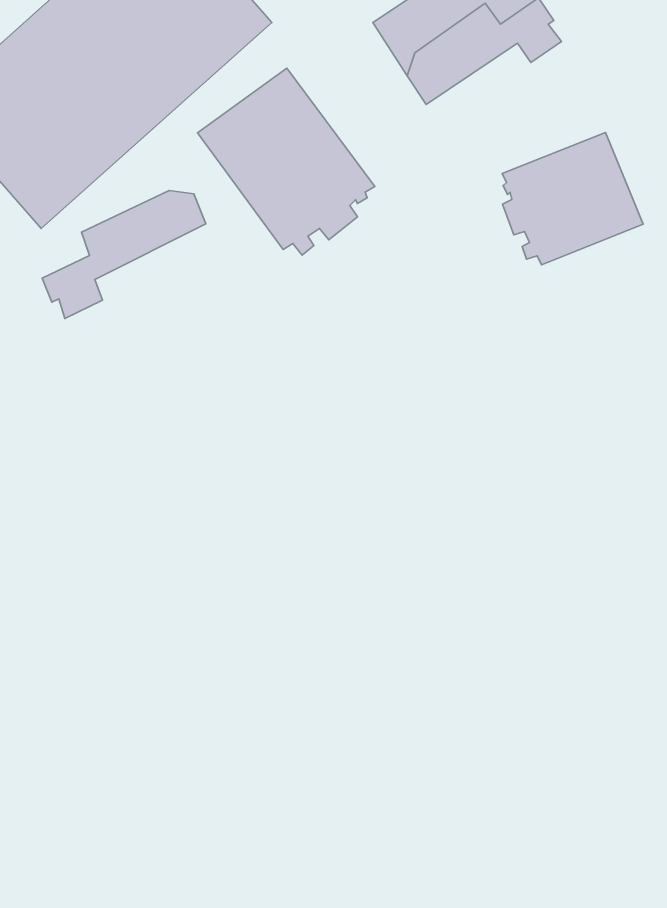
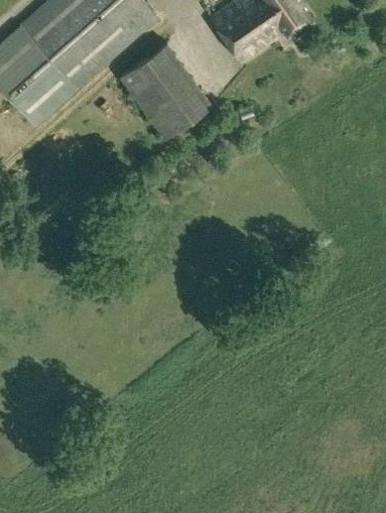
building: [502,132,643,265] -> none
building: [42,190,206,319] -> none

